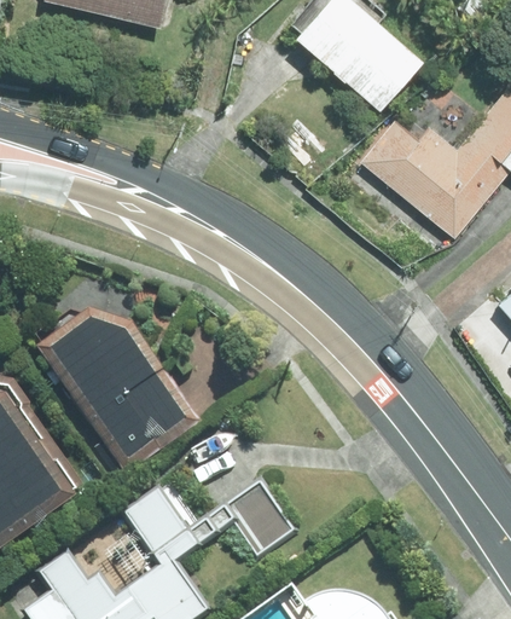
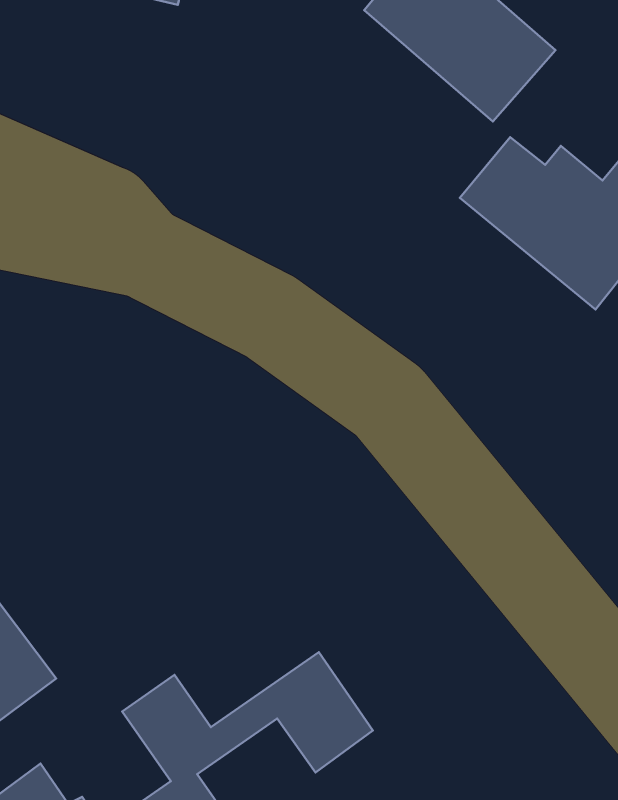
building: [47,299,203,473] -> none

